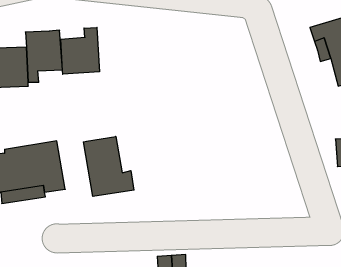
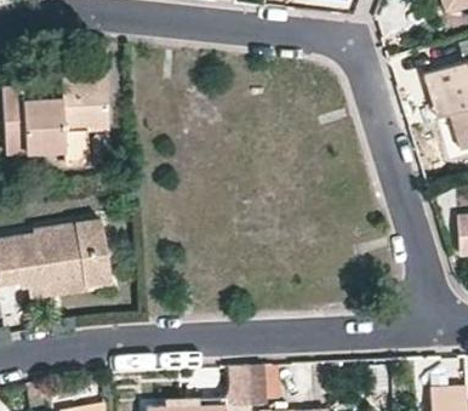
building: [61,27,99,74] -> none
building: [83,136,134,196] -> none

